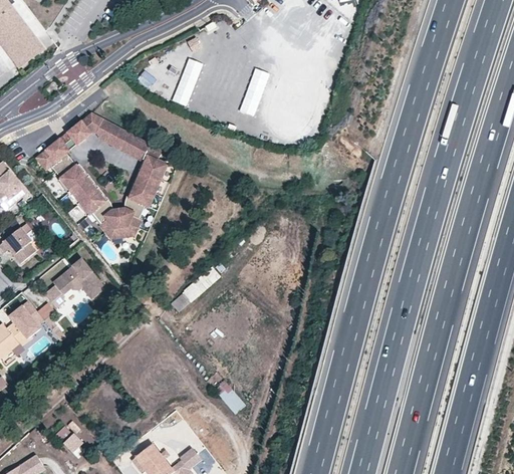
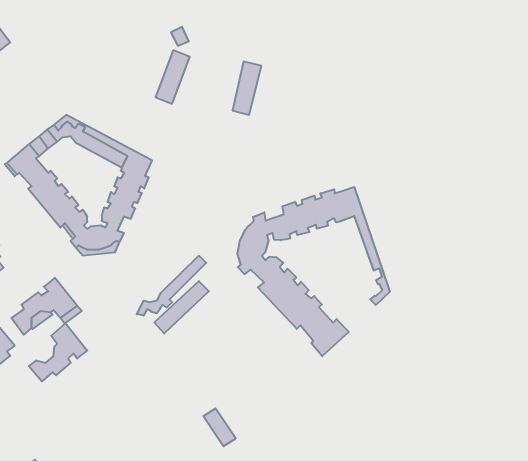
building: none -> [237,187,390,356]
building: none -> [137,256,206,316]
building: none -> [29,323,87,381]

